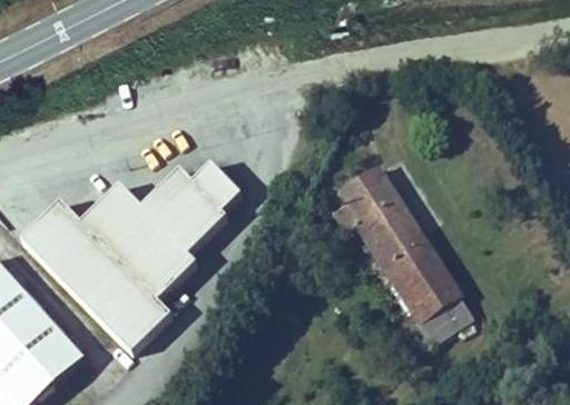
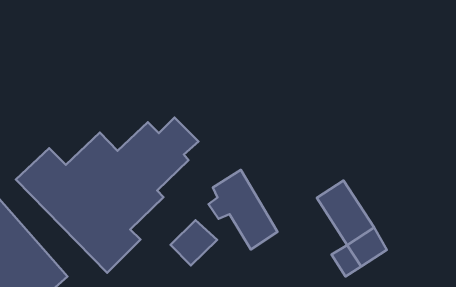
building: [332,164,415,259] -> [208,170,278,249]
building: none -> [170,220,217,266]

